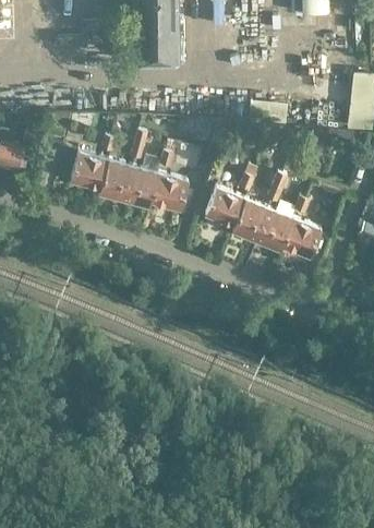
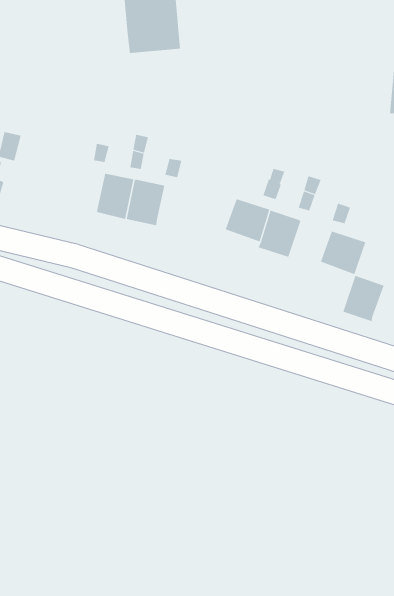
building: [72,153,110,189] -> none
building: [152,175,189,209] -> none
building: [257,211,293,250] -> [342,275,385,322]

